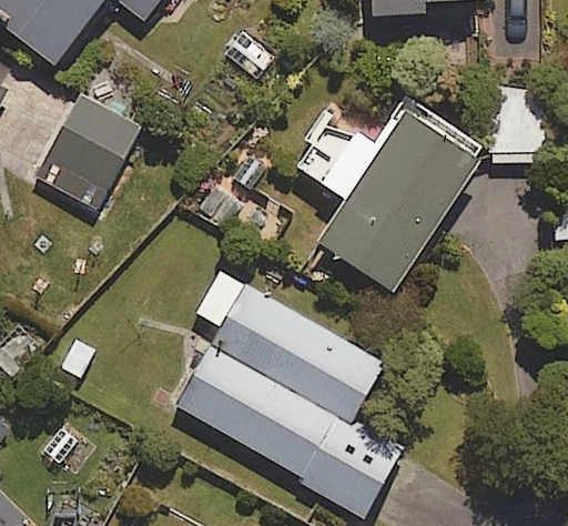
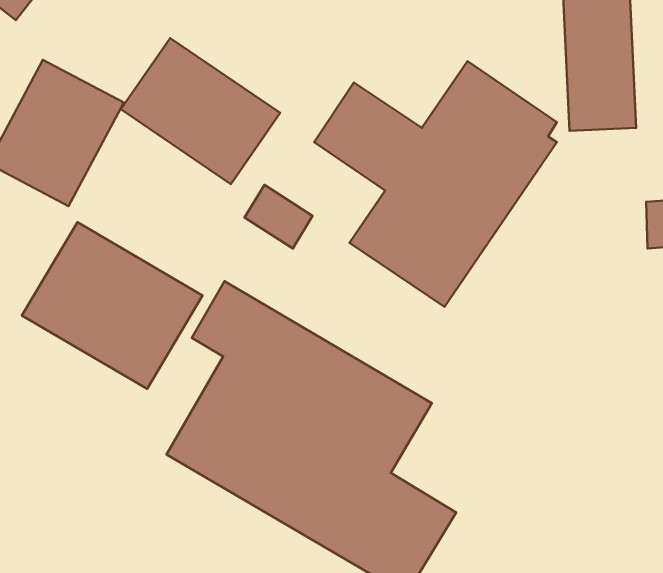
building: none -> [121,38,280,184]
building: none -> [22,222,203,389]

